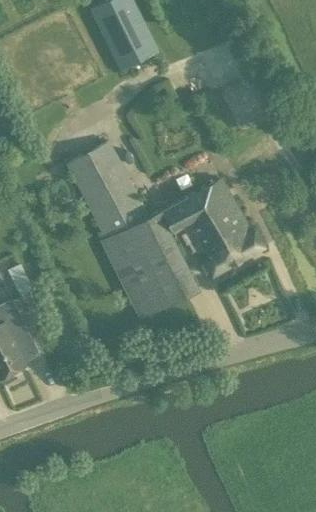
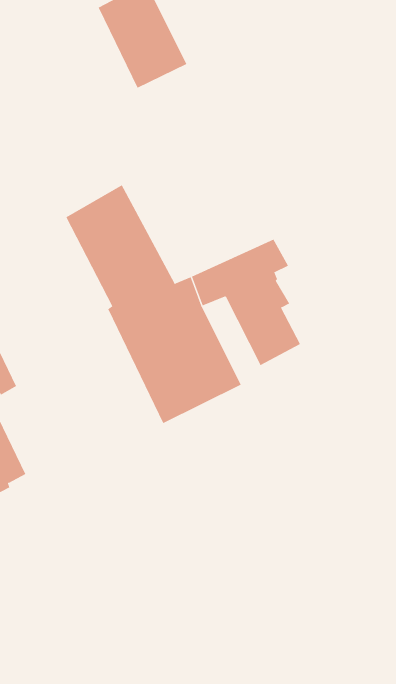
building: [223,200,264,258] -> none

